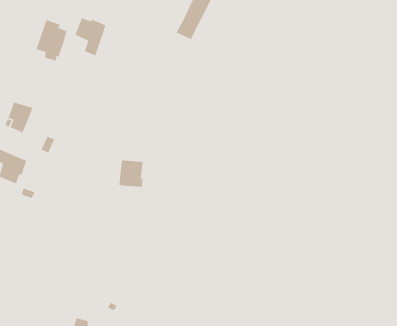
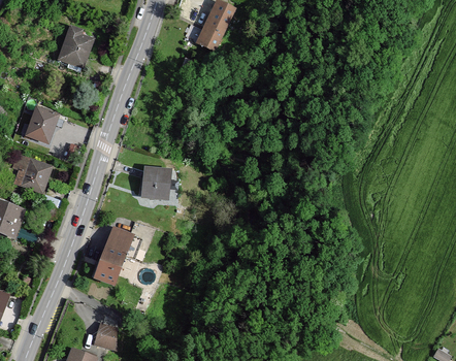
building: [75,17,106,57] -> none
building: none -> [94,229,140,284]

